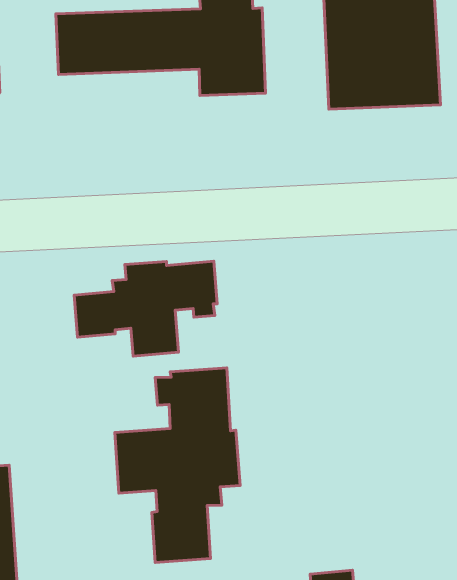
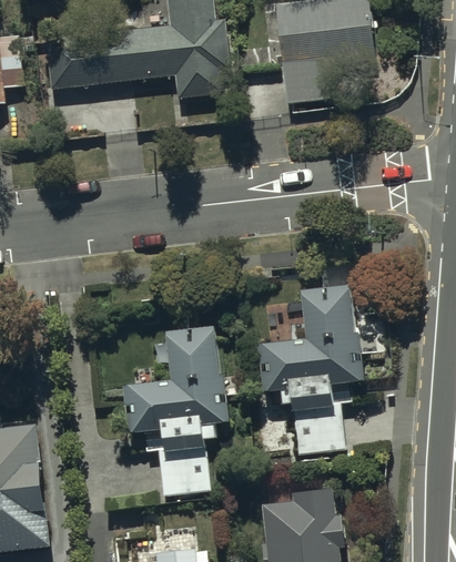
building: [74,261,217,356] -> none
building: none -> [254,286,386,456]

